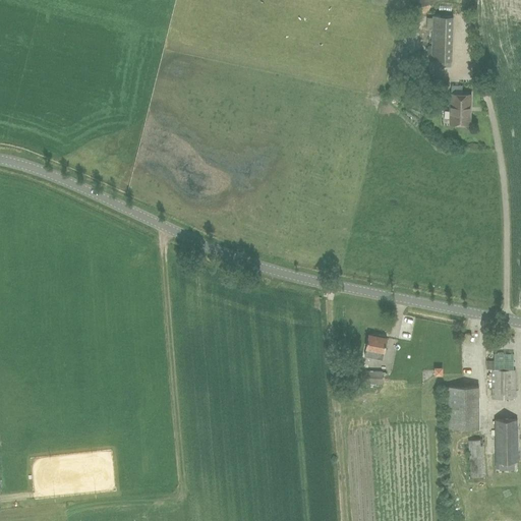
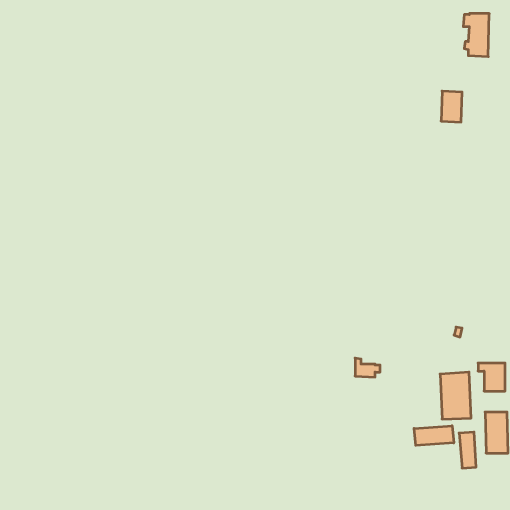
building: [425,17,452,61] -> [463,14,489,57]
building: [363,335,386,360] -> none
building: none -> [414,426,454,445]

